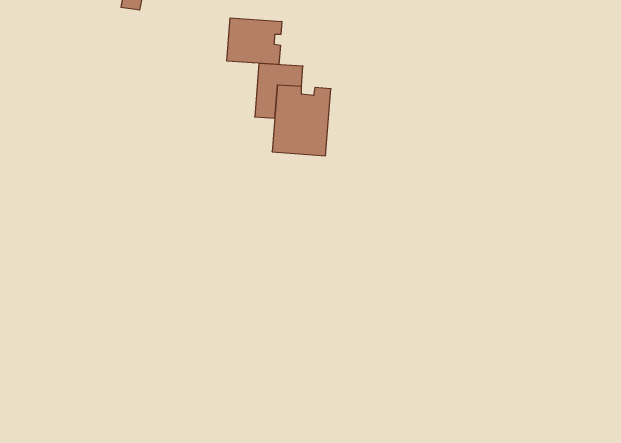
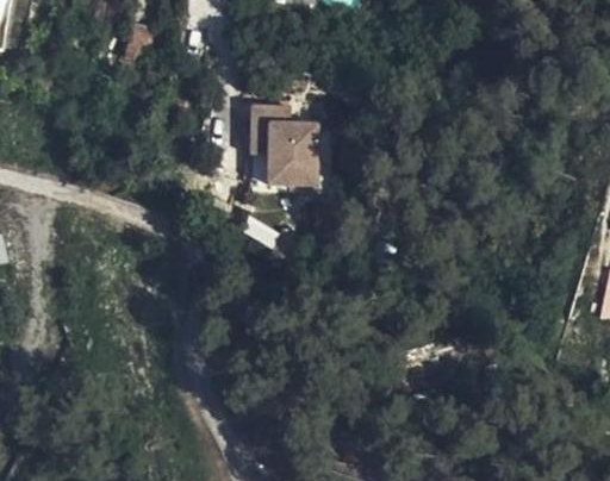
building: [227,18,282,65] -> none

